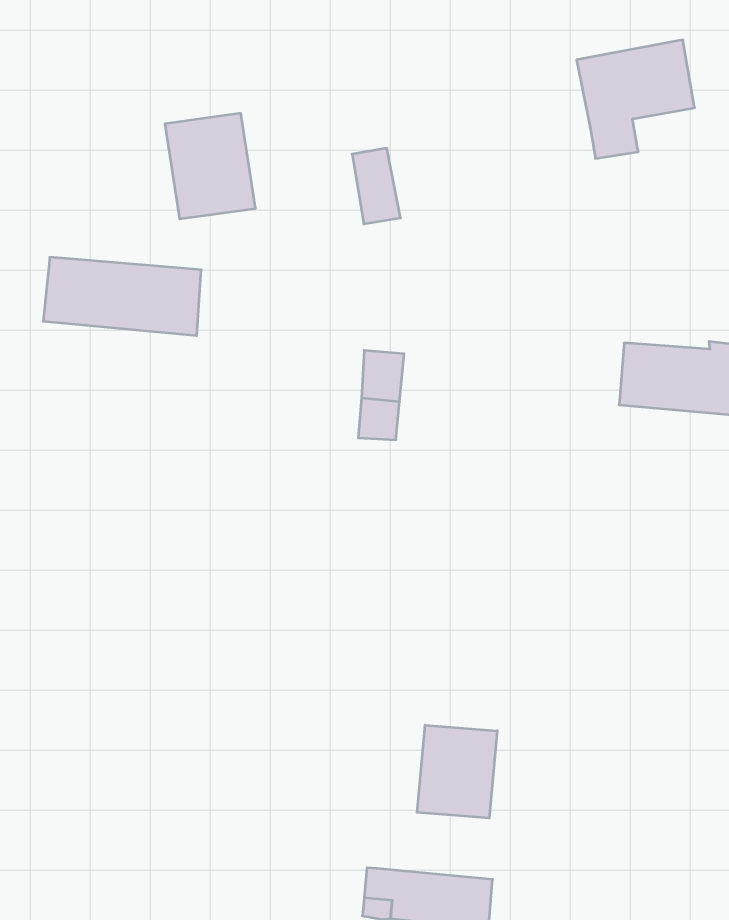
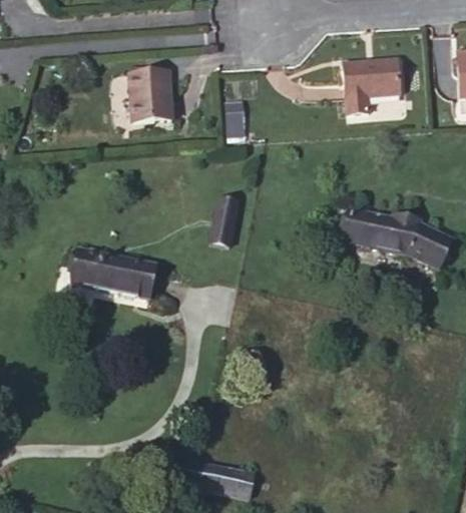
building: [43,257,201,336] -> [71,248,154,297]
building: [417,725,497,818] -> none

